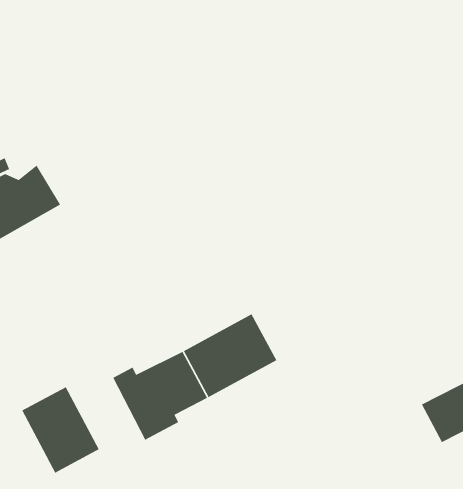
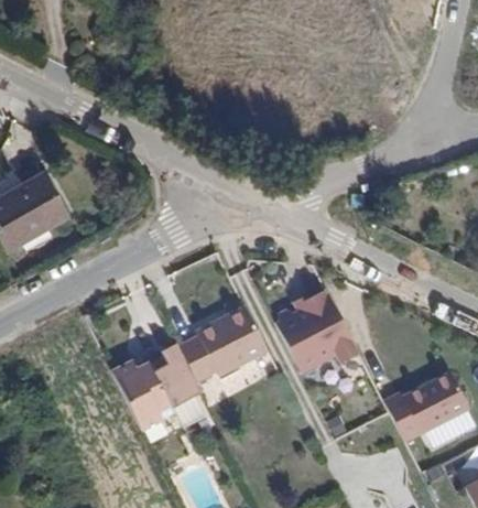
building: none -> [269,289,355,371]
building: [21,386,100,474] -> none

